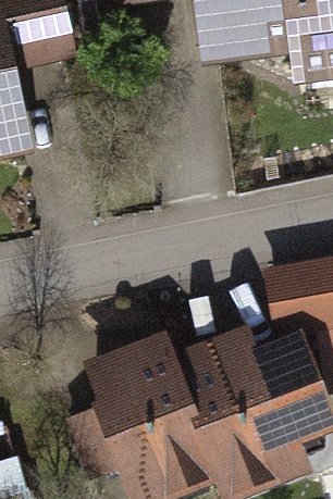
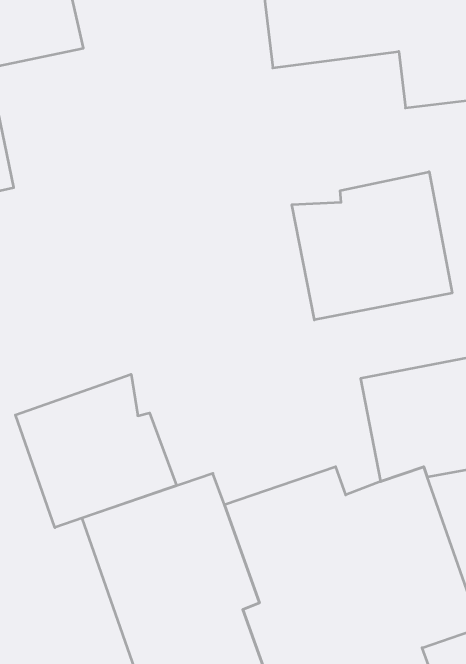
building: none -> [292,172,452,320]
building: none -> [15,374,176,528]

